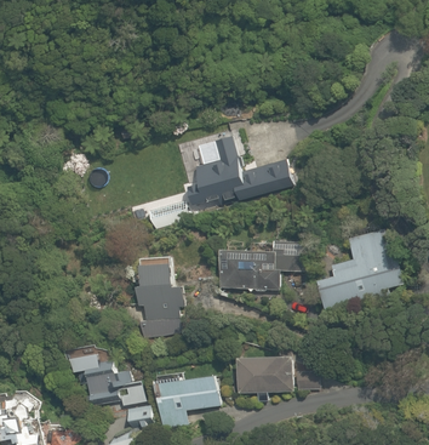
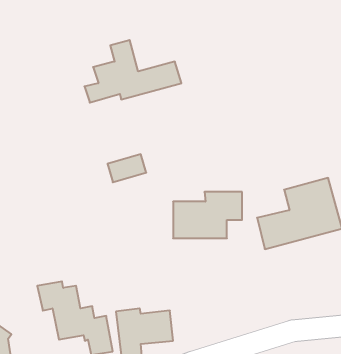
building: [184,138,293,209] -> [84,40,181,103]
building: [135,258,183,336] -> none
building: [238,356,320,394] -> none

